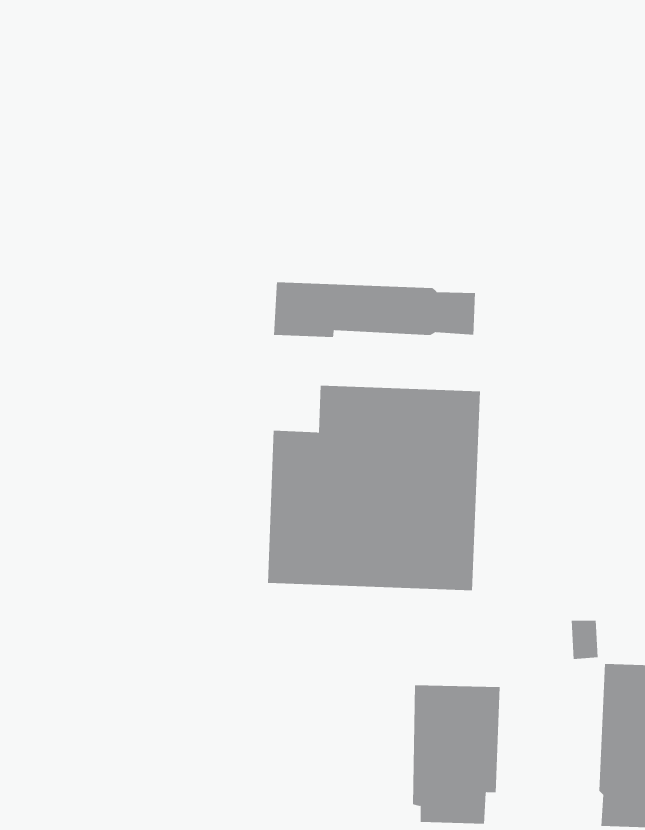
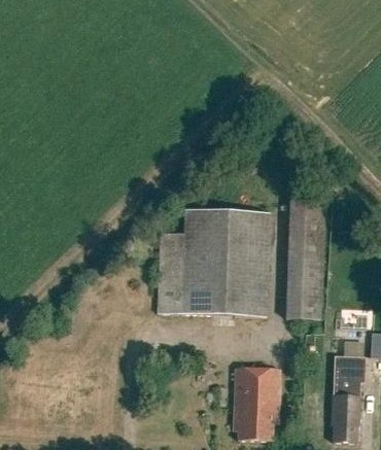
building: [273,282,476,338] -> none
building: none -> [286,195,324,319]

